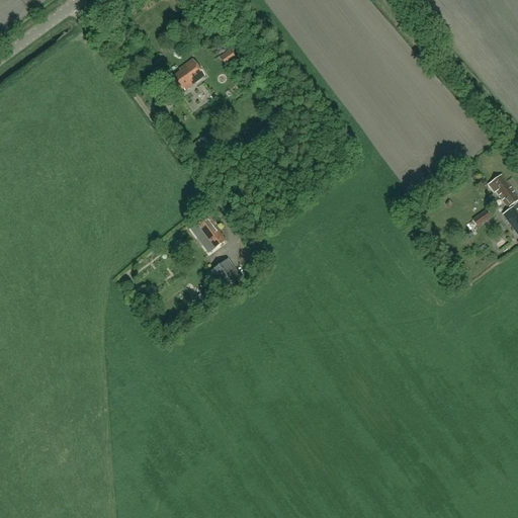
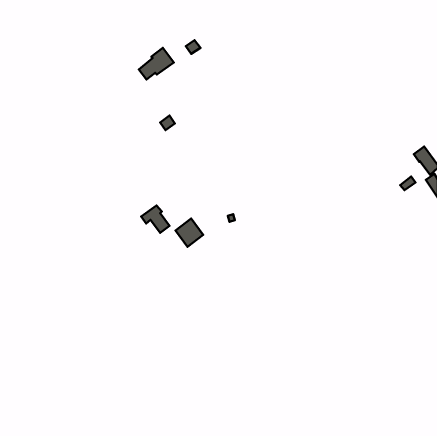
building: [192,214,226,247] -> [141,205,169,233]

